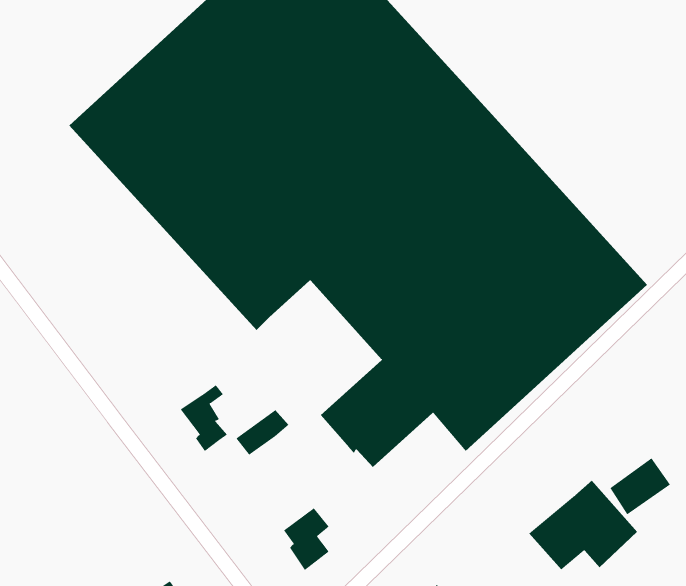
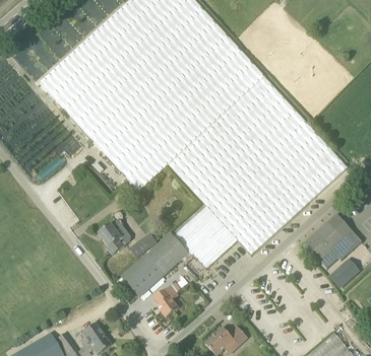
building: none -> [121,233,188,296]
building: [529,480,638,570] -> [303,213,361,261]

